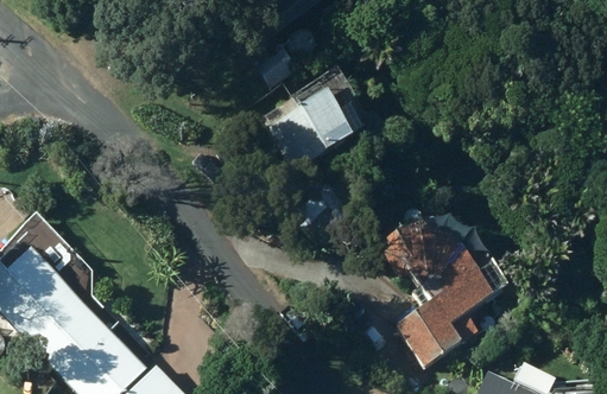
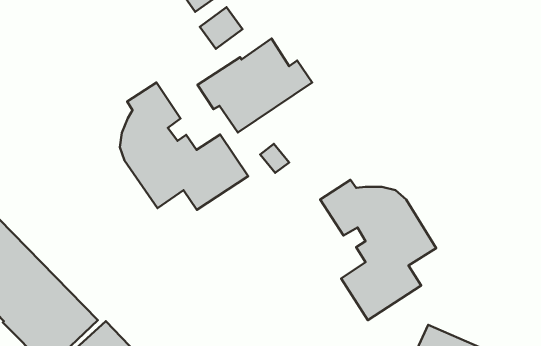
building: none -> [120,82,248,210]

